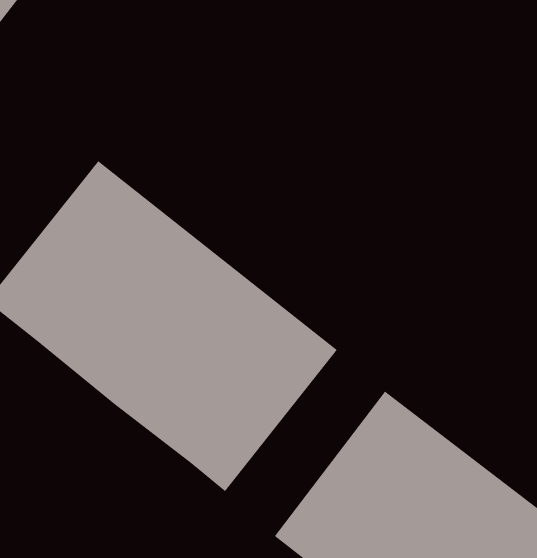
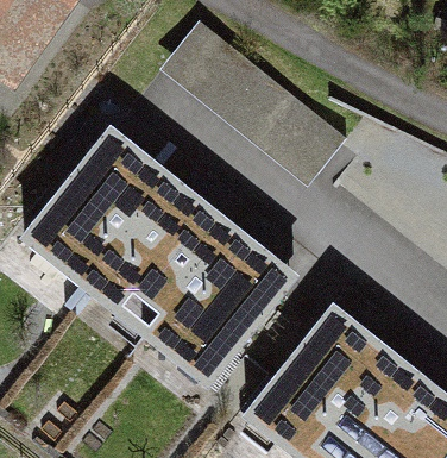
building: none -> [164,18,345,180]

